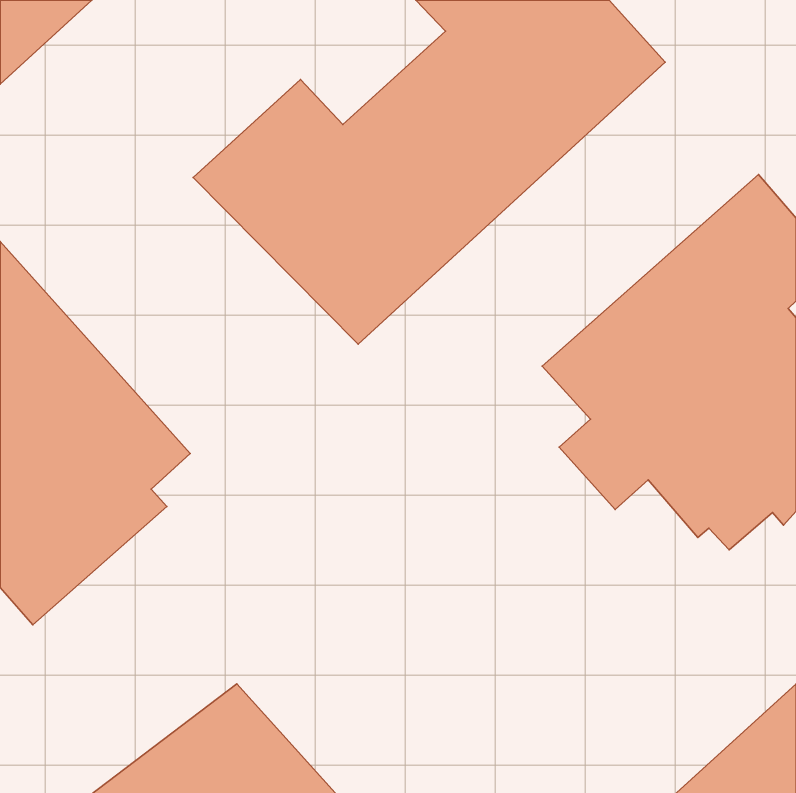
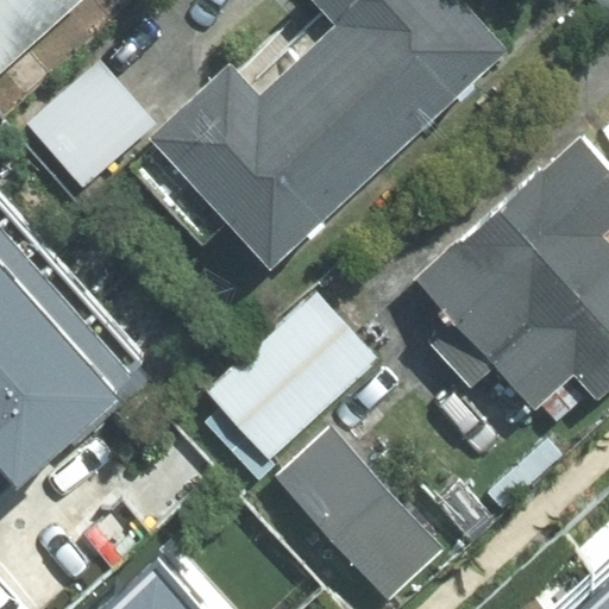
building: none -> [27,63,156,189]
building: none -> [208,294,378,459]
building: none -> [278,431,444,601]

